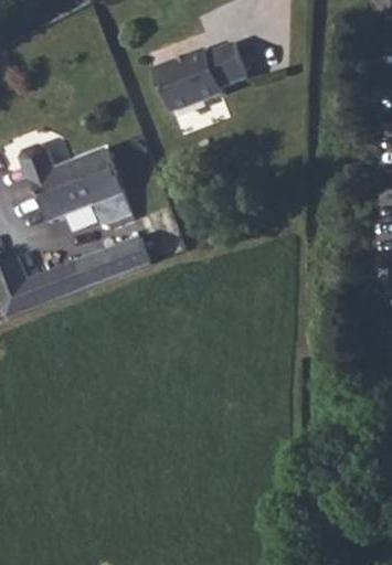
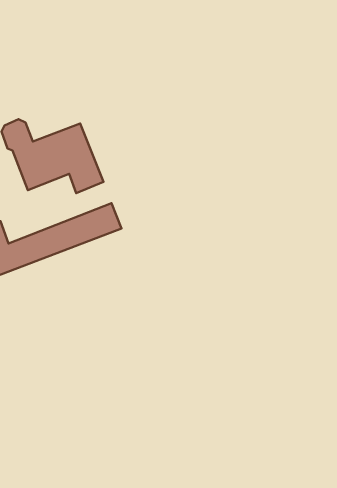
building: [152,41,246,113] -> none

